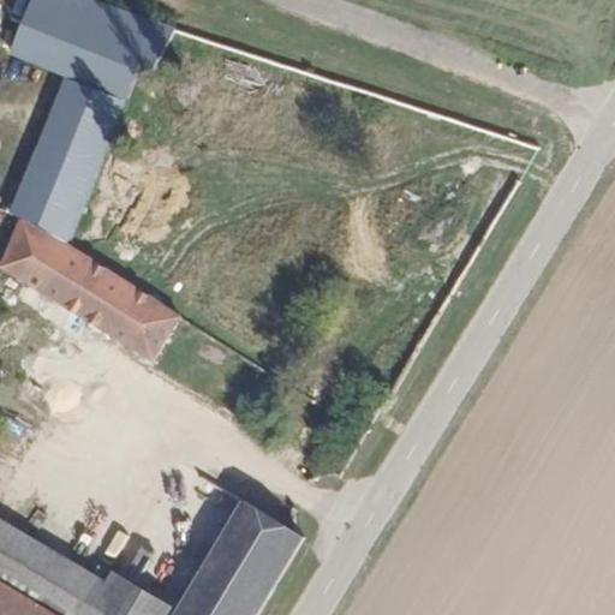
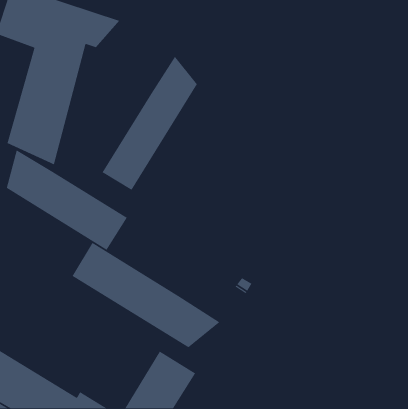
building: none -> [102,55,198,191]
building: none -> [72,242,220,348]

